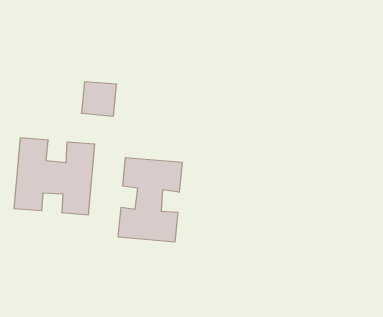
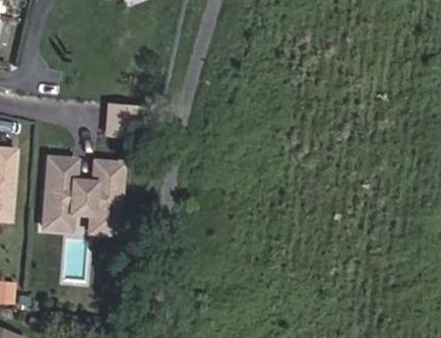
building: [118,157,182,242] -> none

